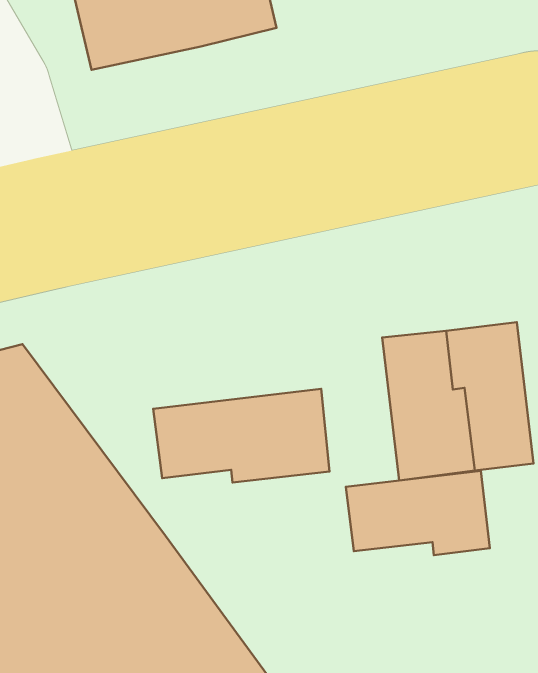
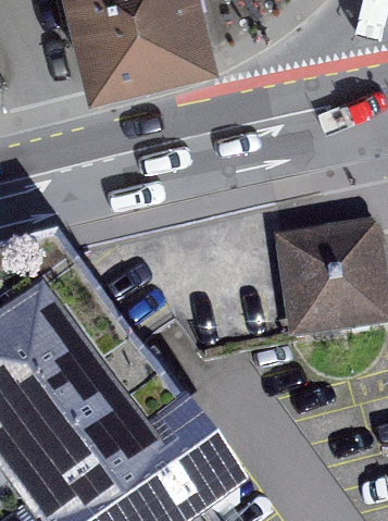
building: [153,389,329,483] -> none
building: [346,471,490,555] -> none

